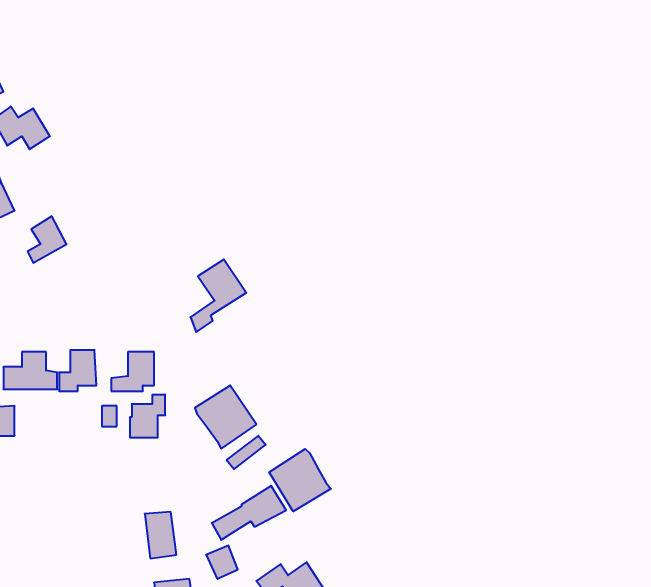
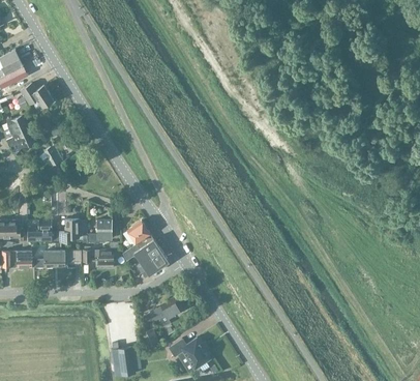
building: [190,259,246,332] -> [122,221,153,261]
building: none -> [35,251,80,267]
building: [269,449,331,511] -> none

